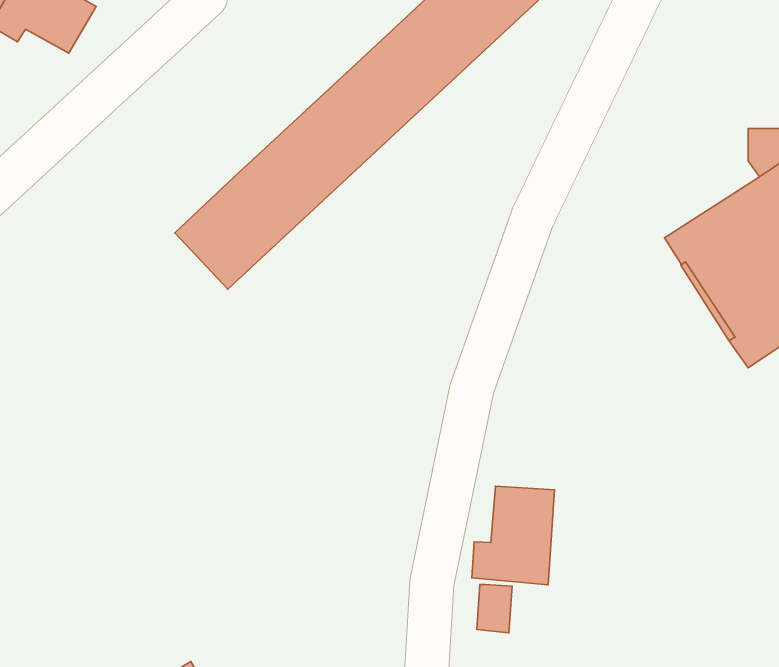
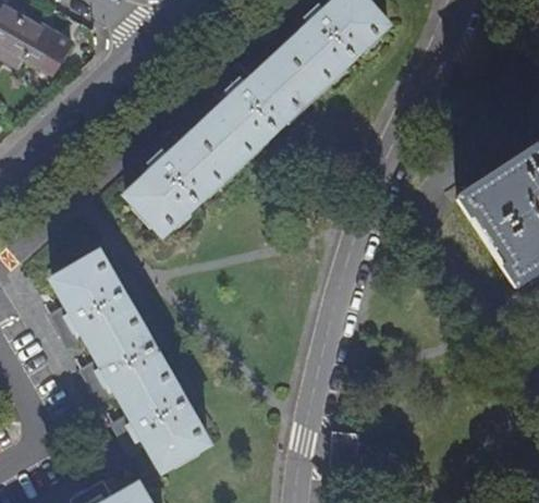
building: none -> [53,254,208,471]
building: [472,486,555,585] -> none

